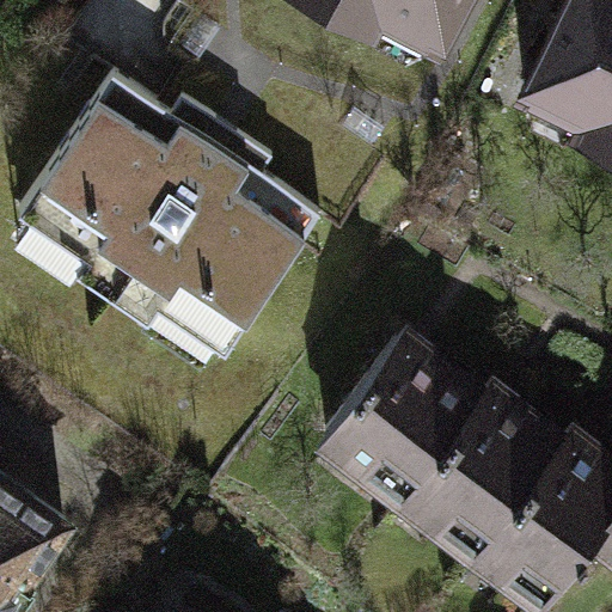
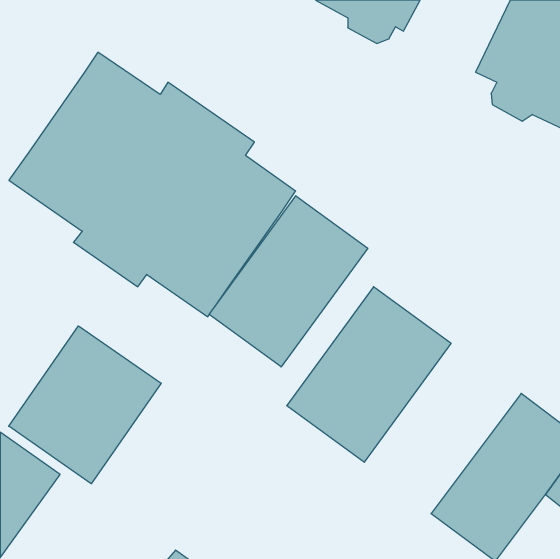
building: none -> [209,196,368,367]
building: none -> [9,326,161,484]
building: [400,379,569,562] -> none

